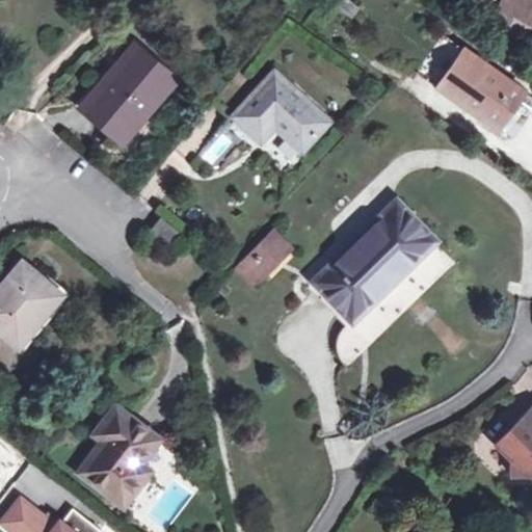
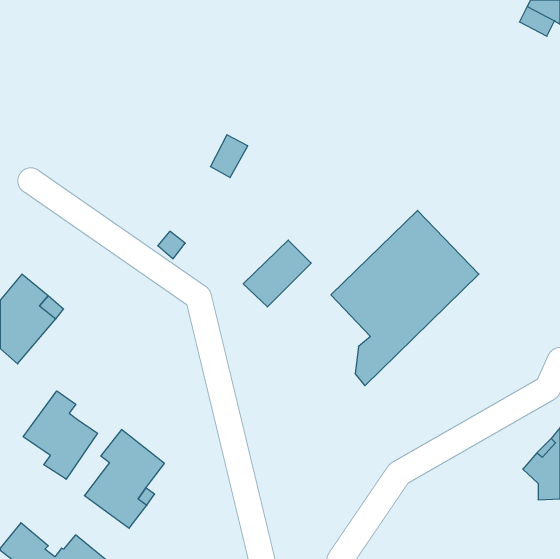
building: [80,45,175,142] -> none
building: [436,50,526,132] -> none
building: [234,73,327,150] -> none
building: none -> [23,391,98,479]

